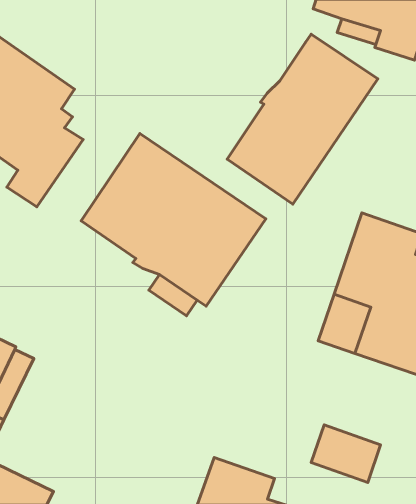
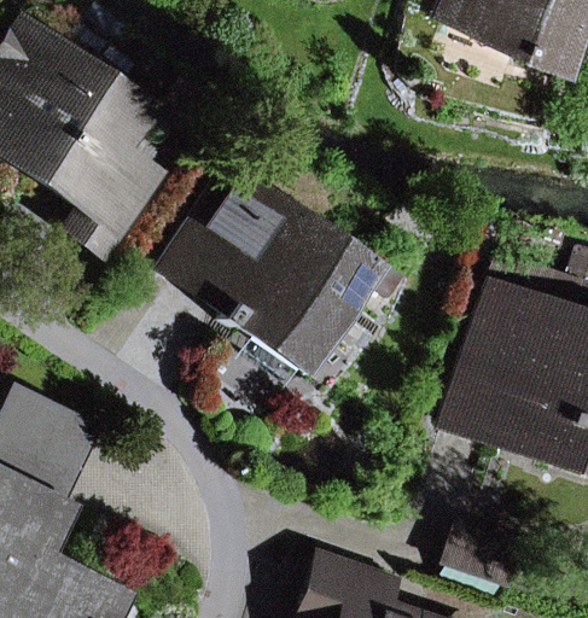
building: [227,34,378,204] -> none

